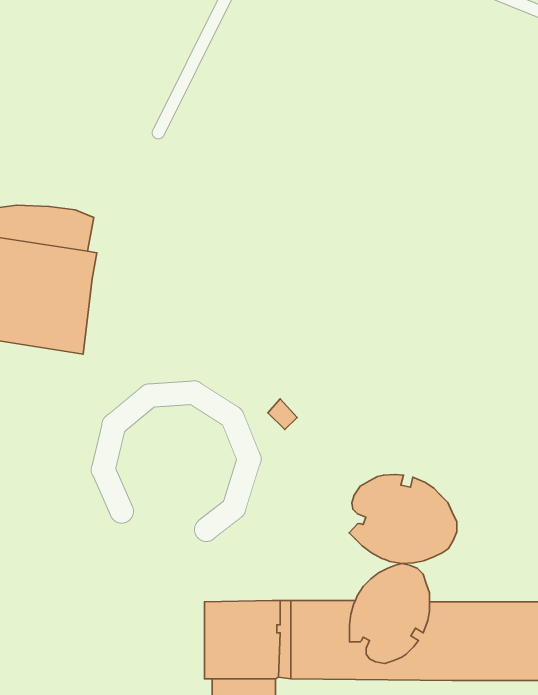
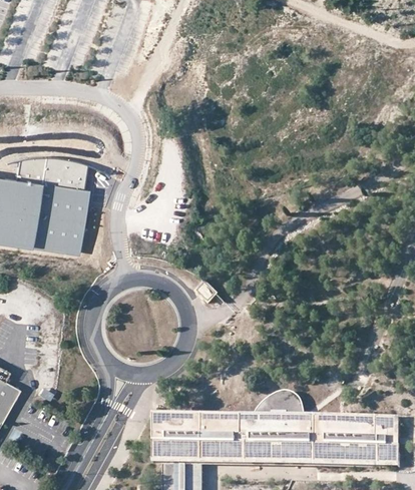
building: [349,474,457,563] -> none

